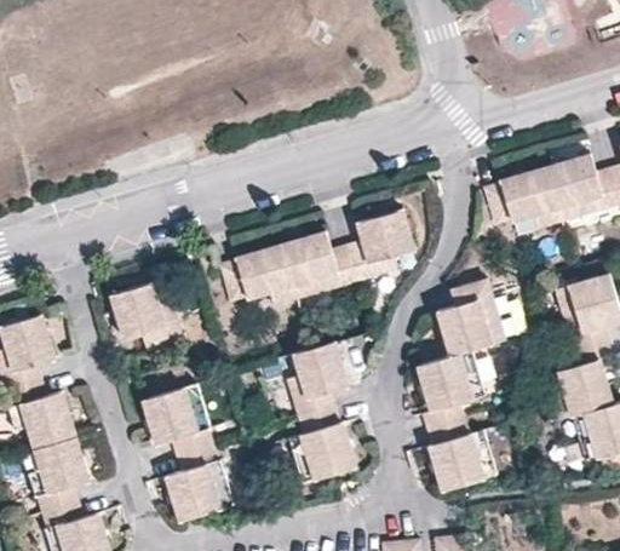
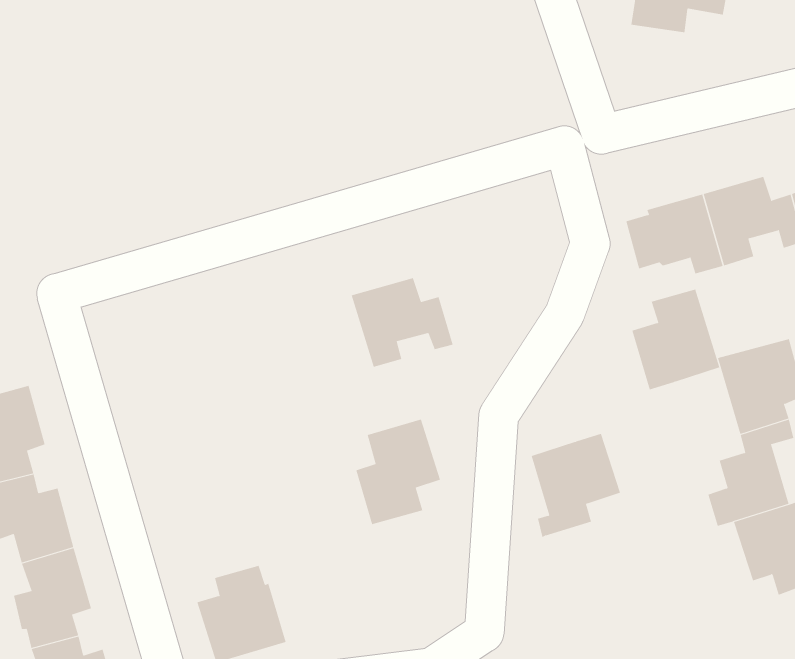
building: [348,210,417,281] -> none
building: [224,245,297,305] -> none
building: [437,277,504,354] -> [632,289,720,390]
building: [113,279,186,346] -> none
building: [142,383,212,457] -> none
building: [286,406,356,481] -> none
building: [425,414,494,489] -> none

